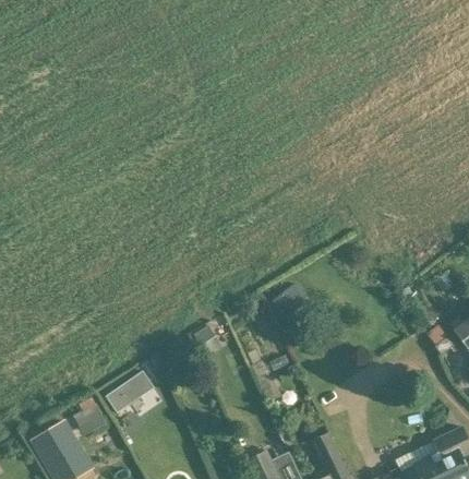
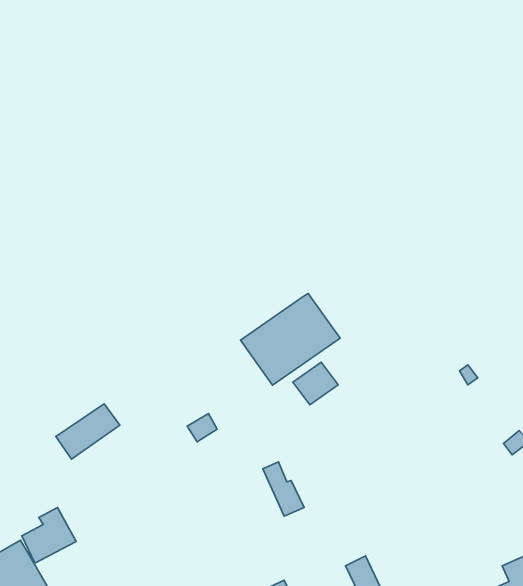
building: none -> [241,293,340,385]
building: [105,371,154,414] -> [56,404,120,459]

